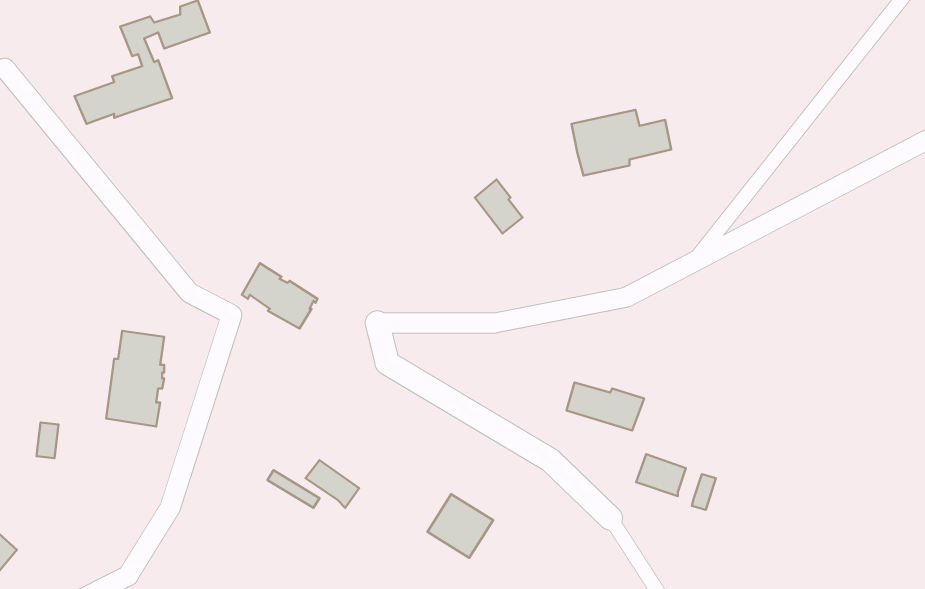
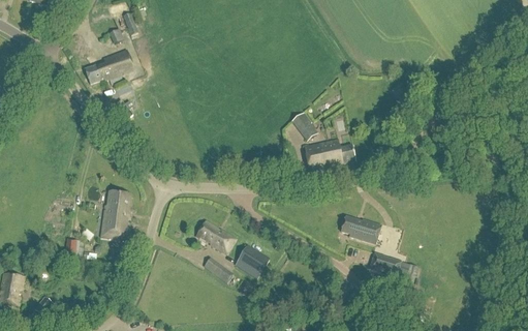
building: [572,110,671,176] -> [304,139,355,173]
building: [242,263,318,329] -> [195,219,235,253]
building: [427,494,493,558] -> [235,245,269,278]

